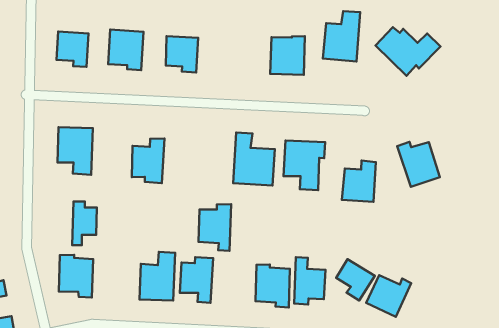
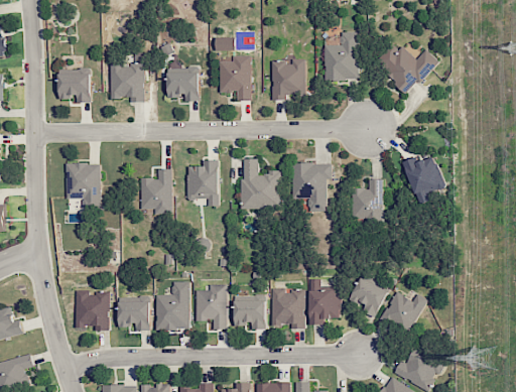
building: none -> [220,55,251,100]
building: [72,202,97,245] -> none
building: [198,204,231,251] -> [186,159,219,206]
building: none -> [119,296,149,330]
building: none -> [234,300,265,329]

